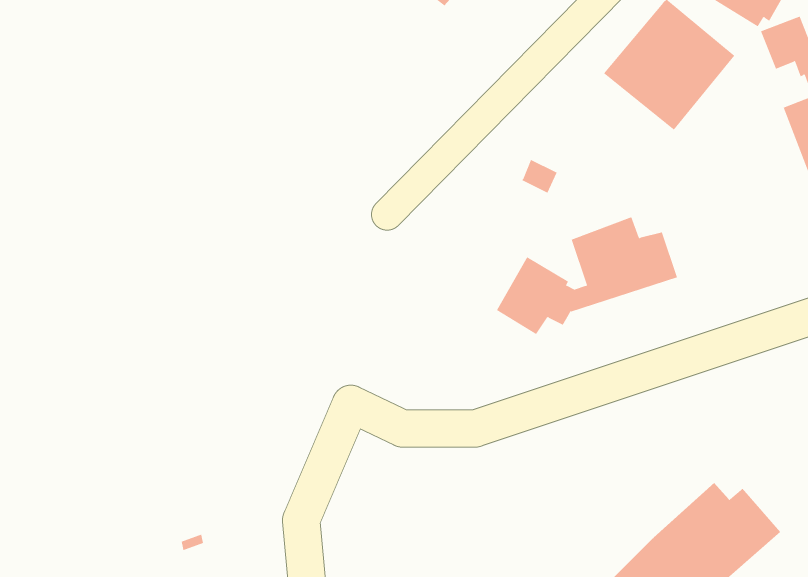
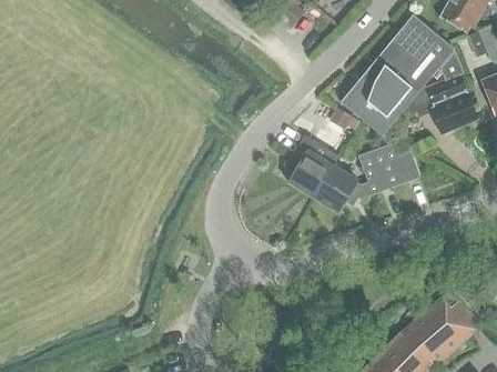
building: none -> [339,58,417,134]
building: none -> [426,72,478,134]
building: none -> [284,134,338,195]

